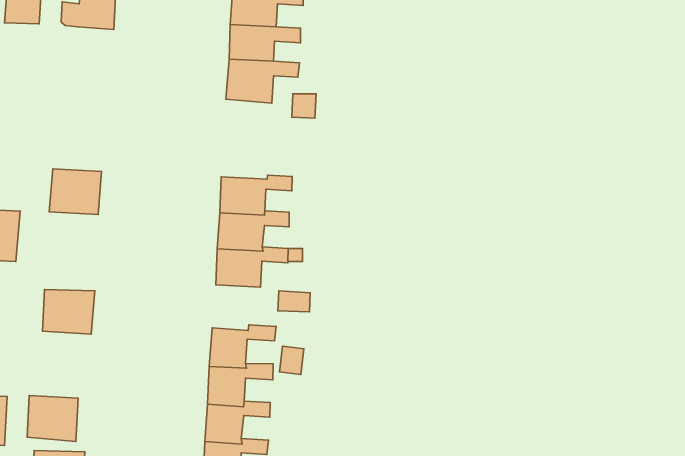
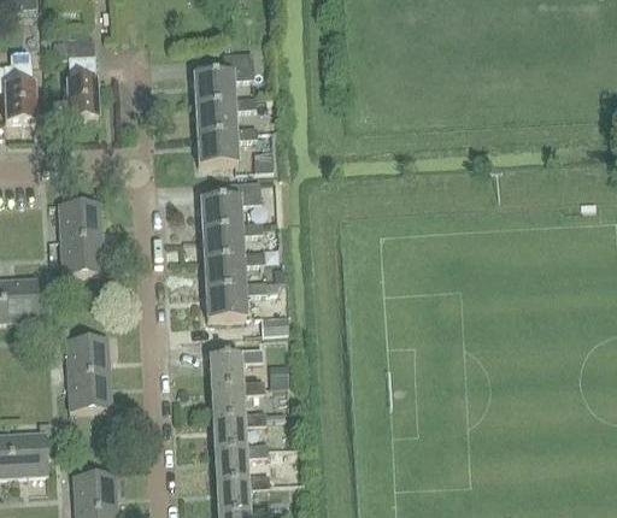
building: none -> [59,200,102,239]
building: none -> [201,181,262,229]
building: [27,395,78,441] -> [69,372,112,410]

